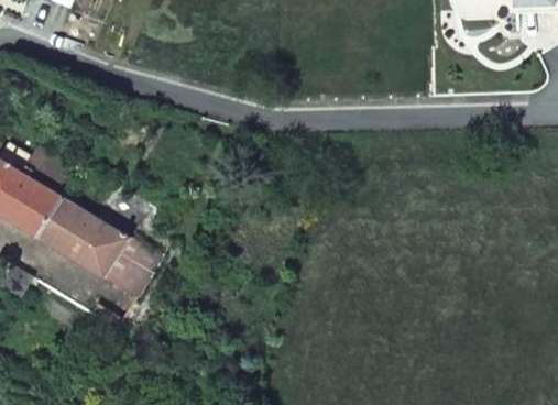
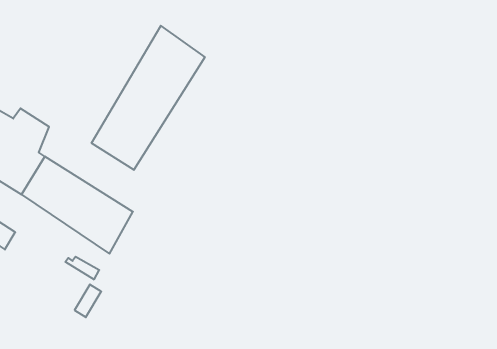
building: none -> [92,26,205,170]

